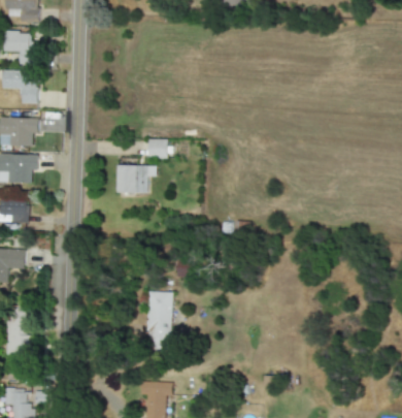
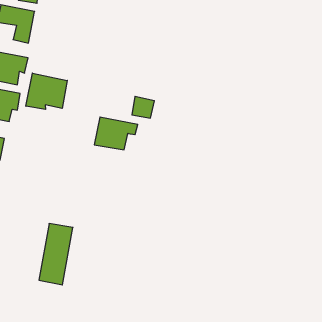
building: none -> [26,73,67,109]
building: [146,291,171,349] -> [39,224,73,285]

